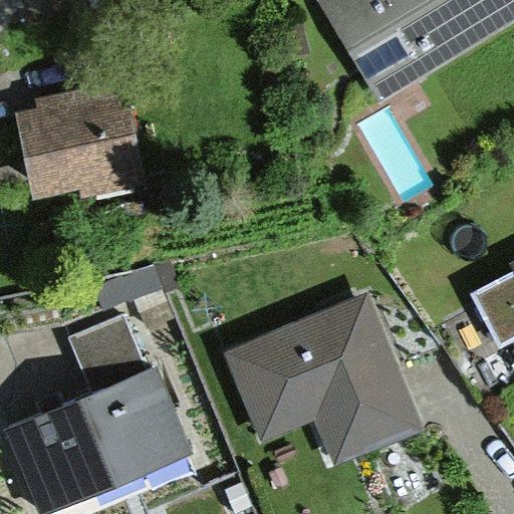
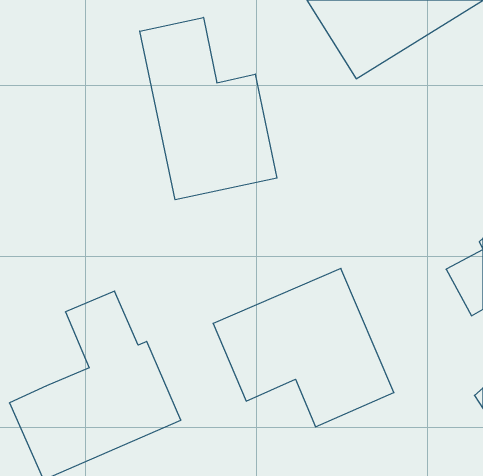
building: none -> [140,17,277,200]
building: [17,80,145,200] -> none

